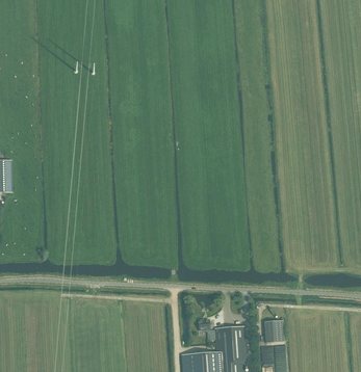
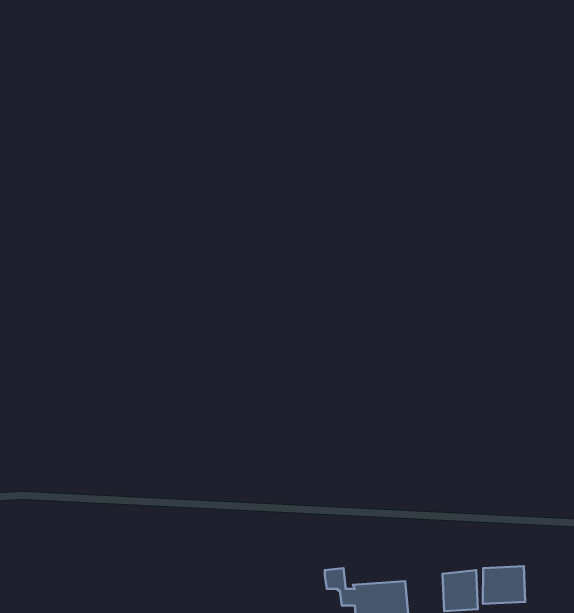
building: none -> [483,566,525,604]

